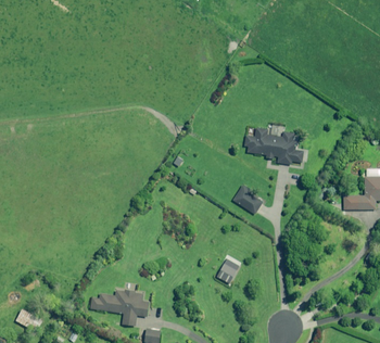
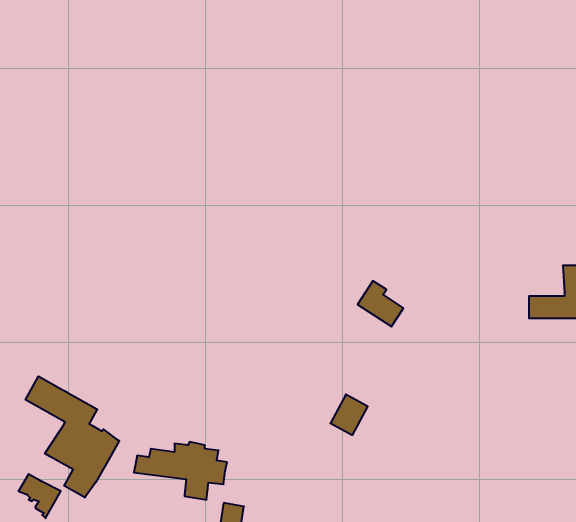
building: [244,126,303,164] -> none
building: none -> [25,376,119,498]

